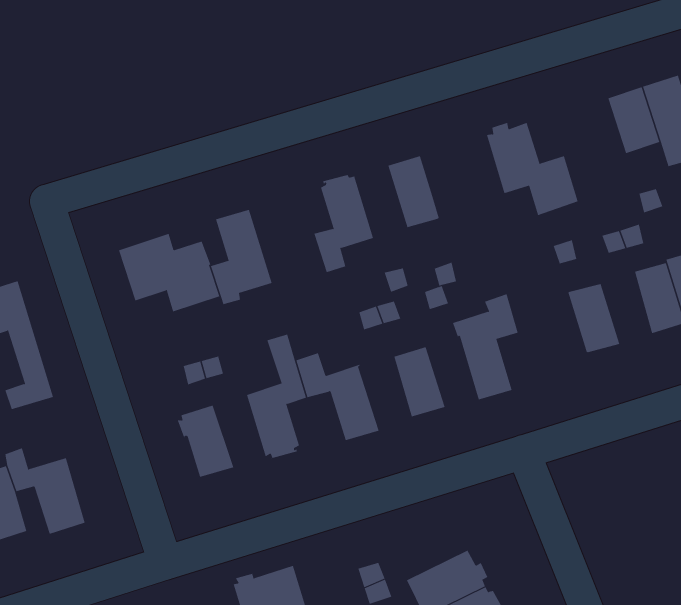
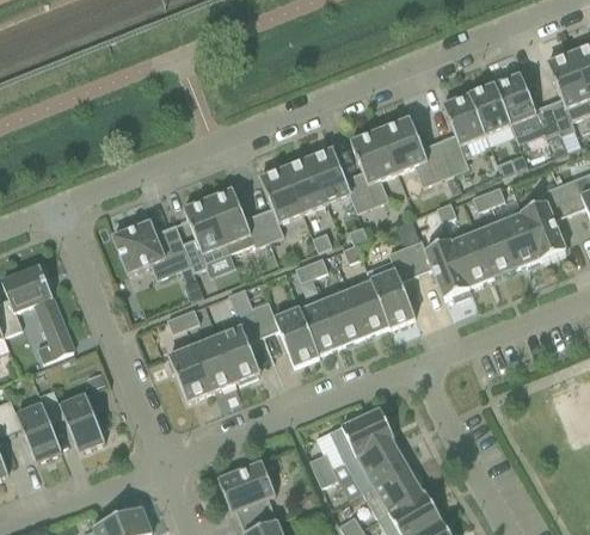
building: none -> [440,92,485,173]
building: none -> [344,129,397,213]
building: none -> [284,158,326,213]
building: none -> [208,189,269,252]
building: none -> [474,222,515,277]
building: none -> [405,240,469,300]
building: none -> [348,281,389,334]
building: none -> [299,300,340,356]
building: none -> [192,337,234,392]
building: none -> [328,407,394,466]

